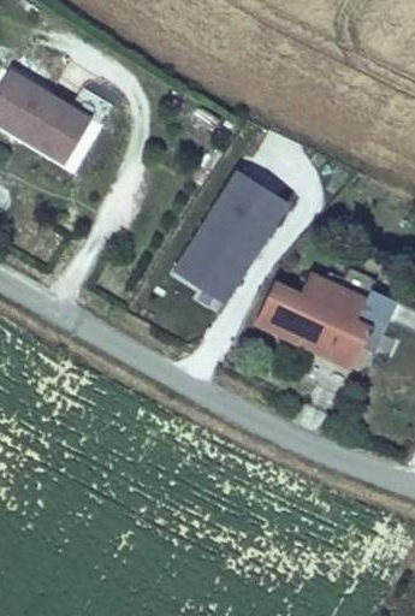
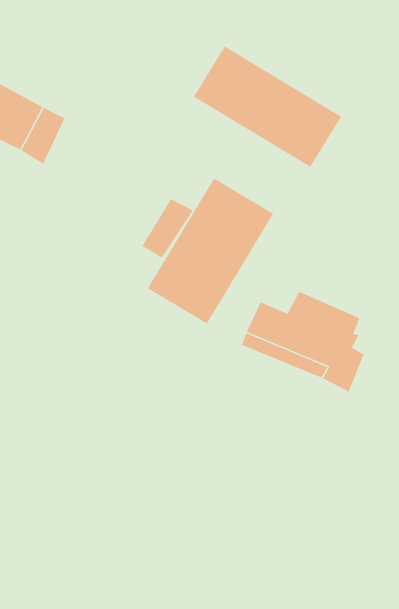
building: none -> [193,45,342,168]
building: none -> [142,198,194,259]

